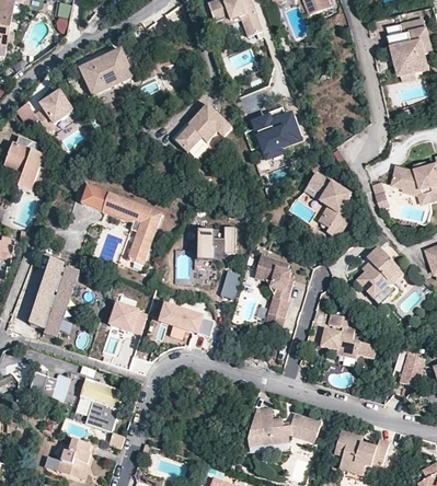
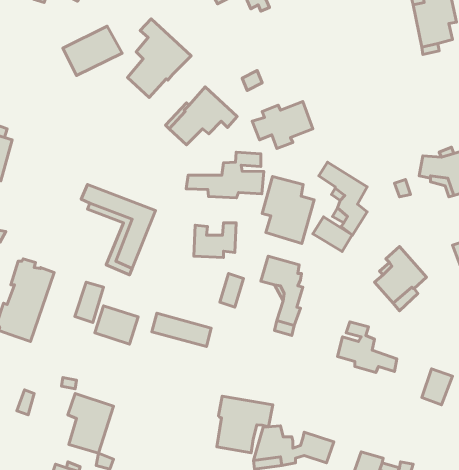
building: none -> [127,19,191,97]
building: [35,94,70,131] -> none
building: none -> [186,152,264,198]
building: [77,185,104,215] -> none
building: none -> [262,176,314,244]
building: none -> [313,217,352,251]
building: none -> [75,282,103,322]
building: none -> [217,396,273,453]

